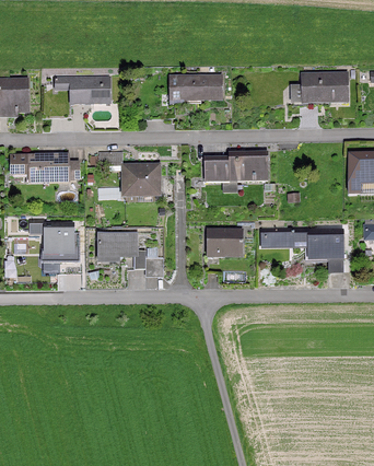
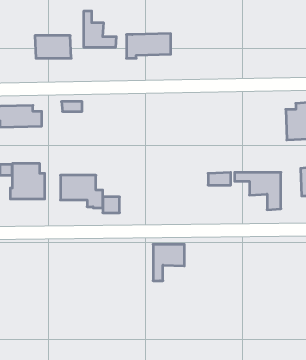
building: none -> [84,11,116,47]
building: [291,73,347,105] -> none
building: [203,152,267,182] -> none
building: [122,165,159,193] -> none
building: [207,230,242,270] -> [153,244,184,281]

